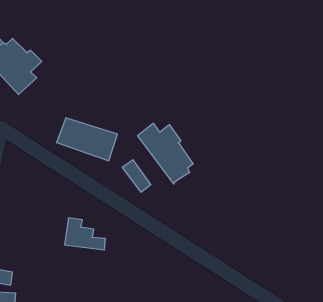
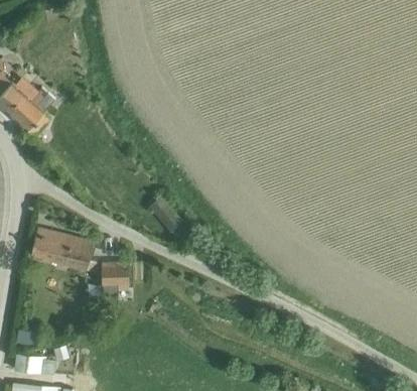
building: [56,118,117,161] -> [30,228,95,270]
building: [138,123,193,184] -> none

